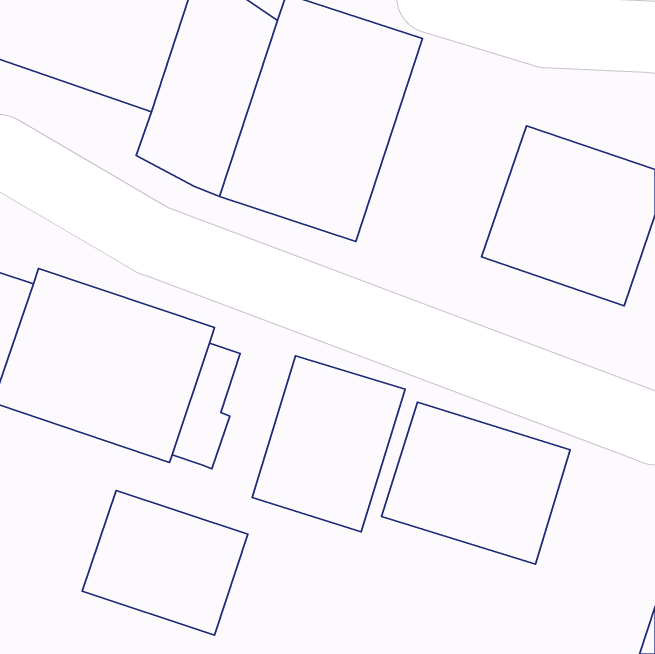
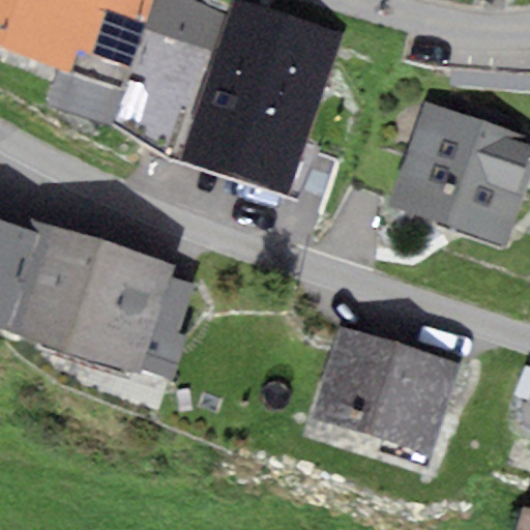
building: [252,356,405,532] -> none
building: [82,491,248,635] -> none

